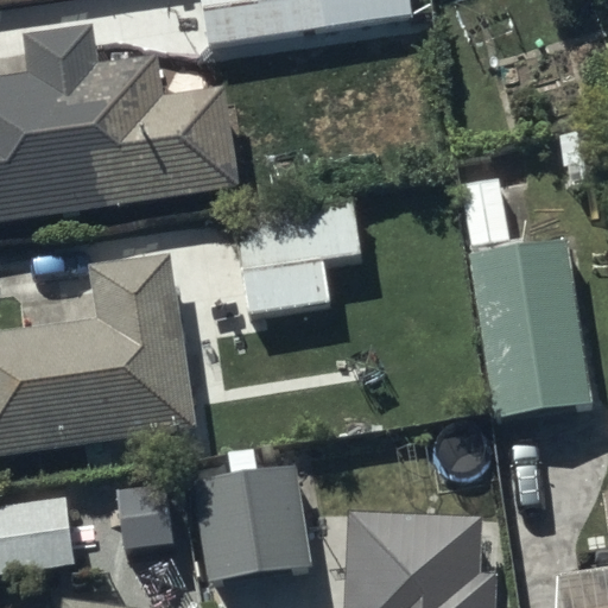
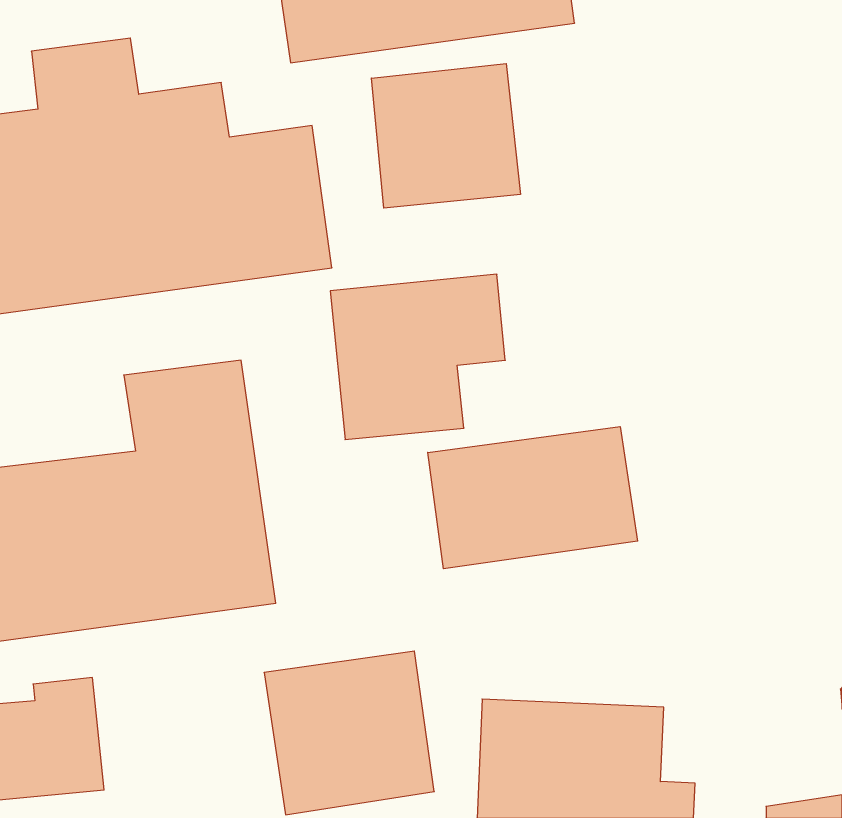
building: none -> [371,64,520,208]
building: [467,242,590,420] -> none
building: none -> [428,427,638,569]

